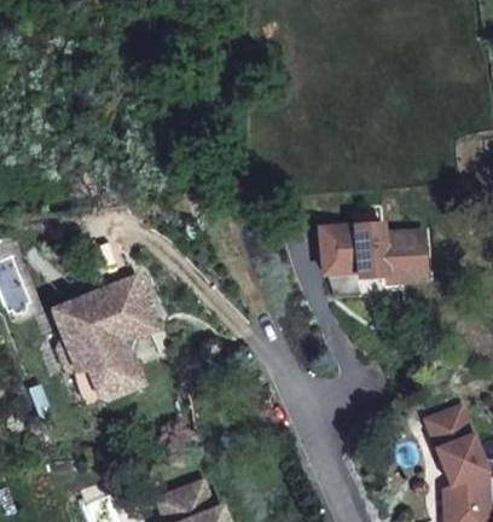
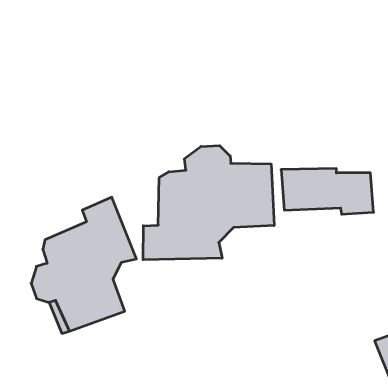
building: none -> [143,146,274,260]

